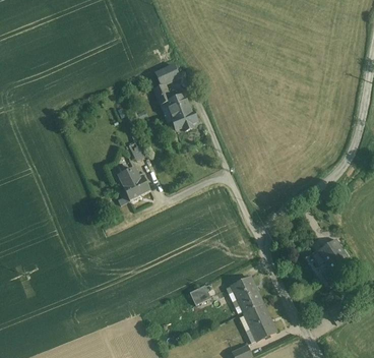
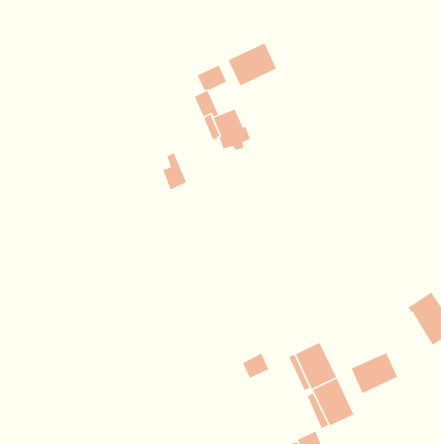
building: none -> [227,43,277,86]
building: [117,166,150,200] -> none
building: none -> [350,351,398,394]

